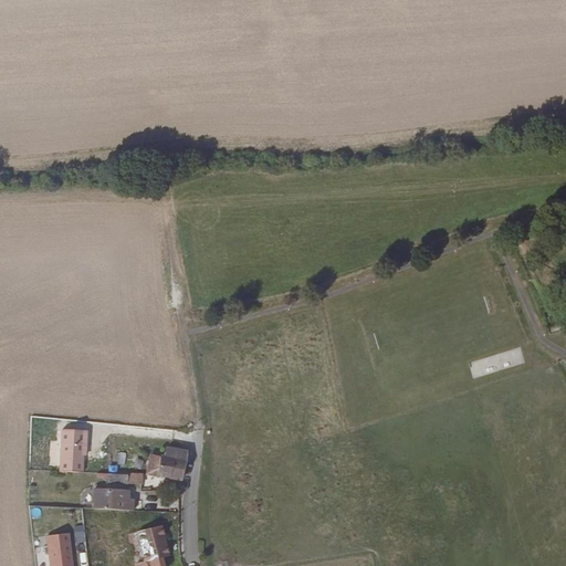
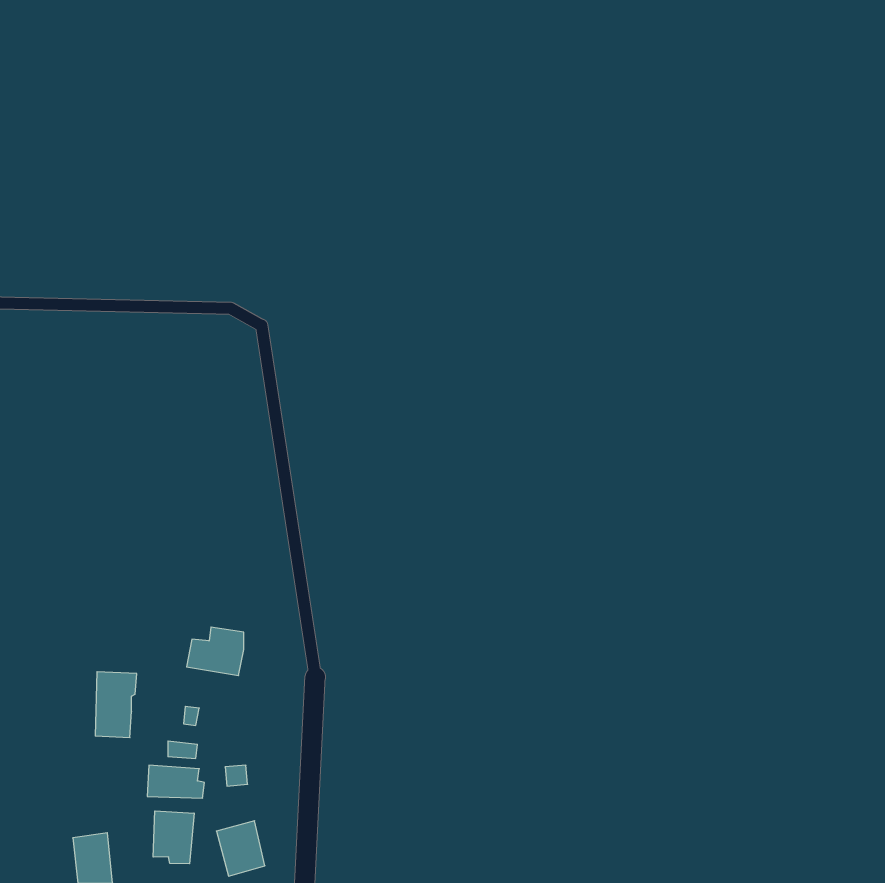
building: [151,448,188,479] -> [187,627,244,676]
building: none -> [153,811,194,864]

